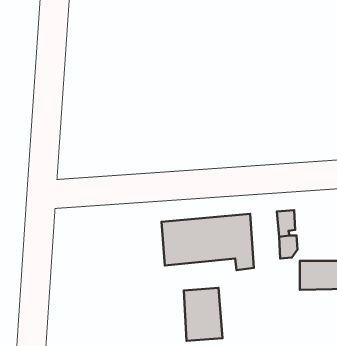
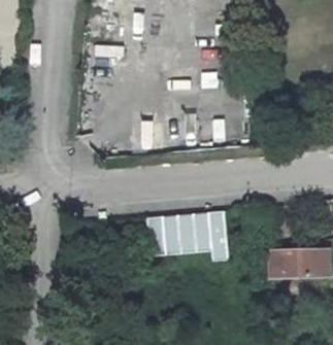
building: [184,288,223,341] -> none

